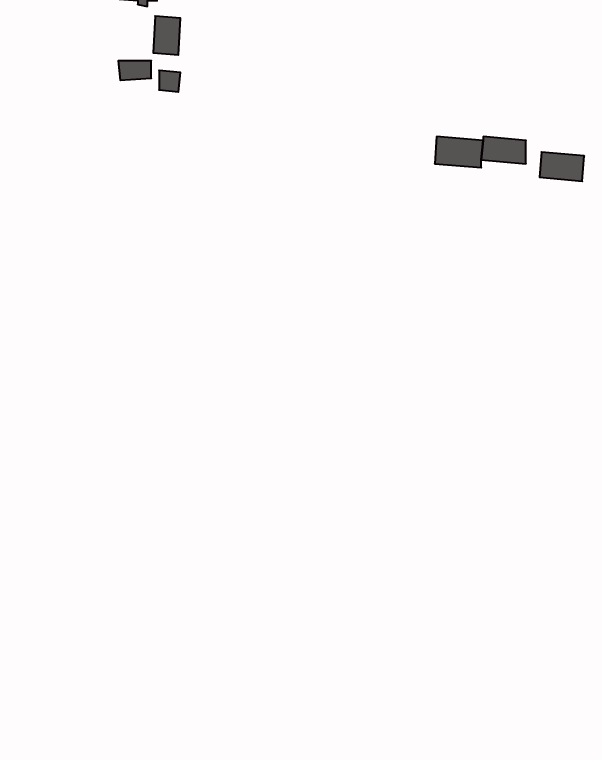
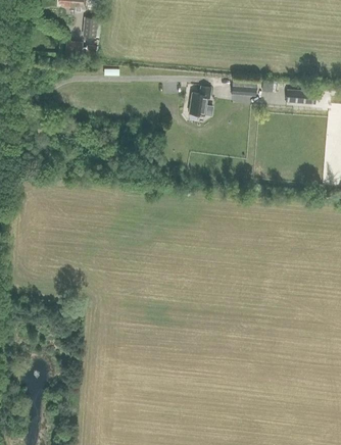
building: none -> [190,87,210,115]

